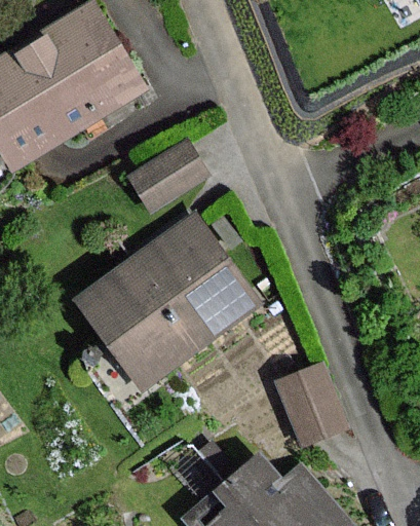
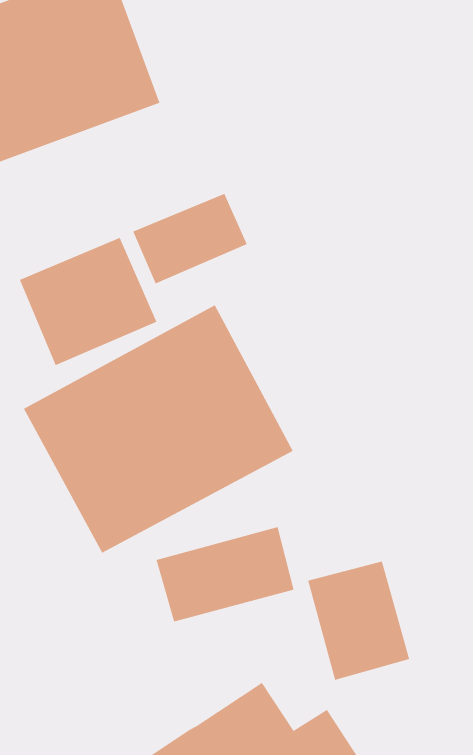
building: none -> [19,237,157,366]
building: none -> [156,526,295,623]

